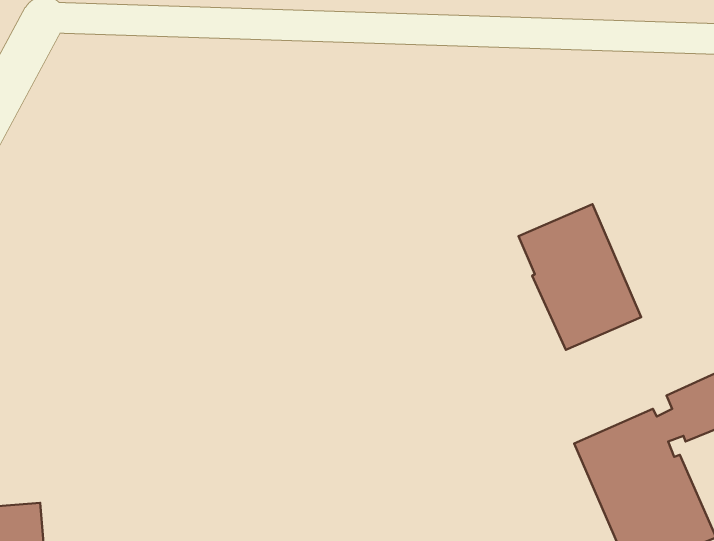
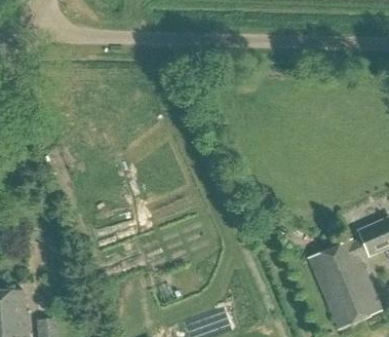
building: [519,204,641,350] -> none

